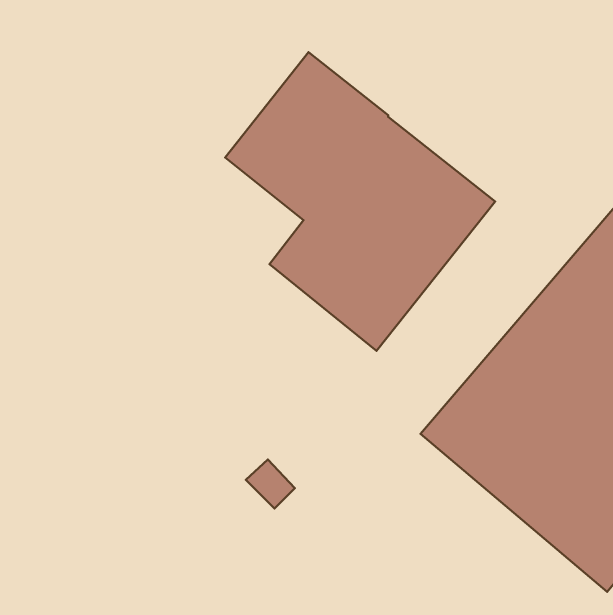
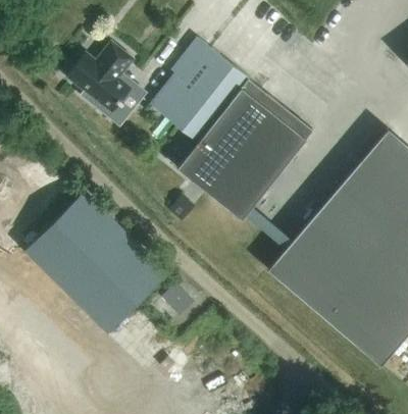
building: none -> [67,42,134,120]
building: none -> [27,194,168,334]

